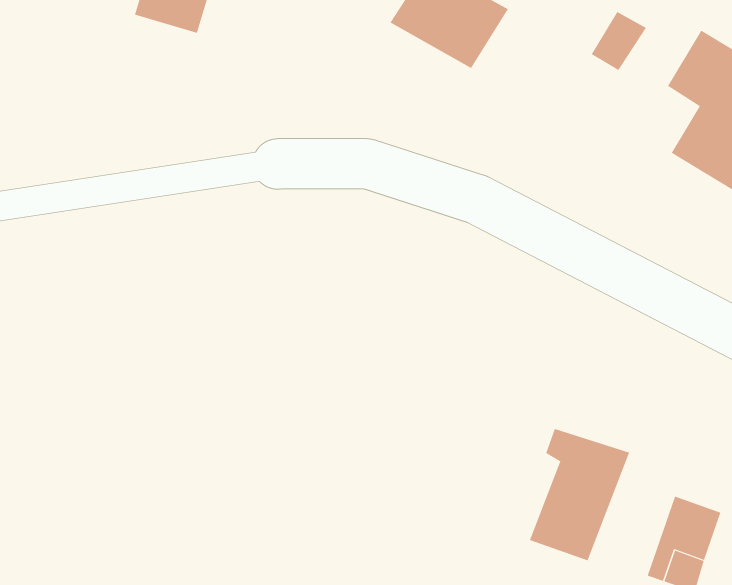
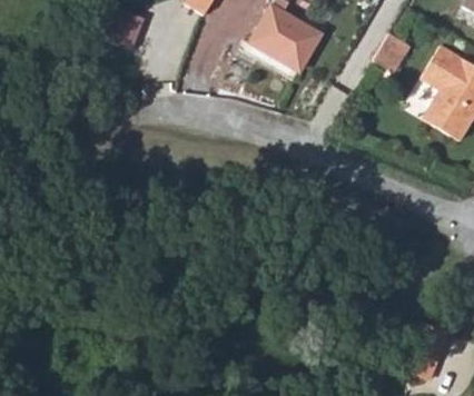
building: [529,428,630,561] -> none

